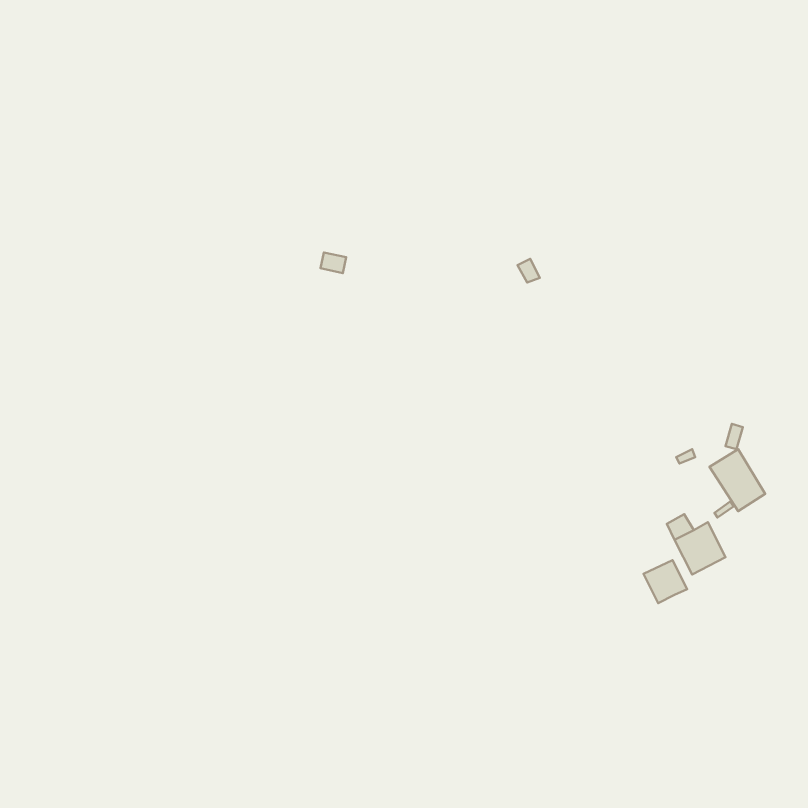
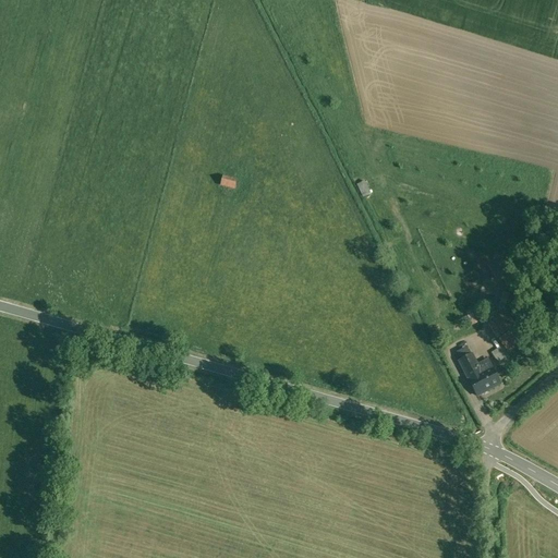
building: [644,560,687,603] -> none

